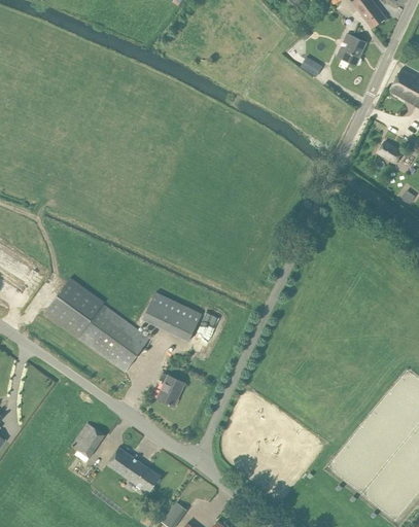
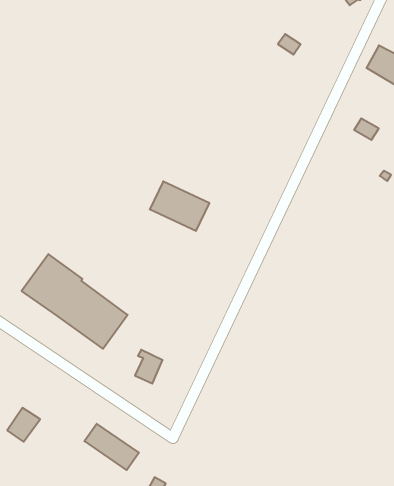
building: [337,33,366,65] -> none
building: [142,291,202,341] -> [150,181,209,231]
building: [72,423,105,457] -> [7,408,40,442]

